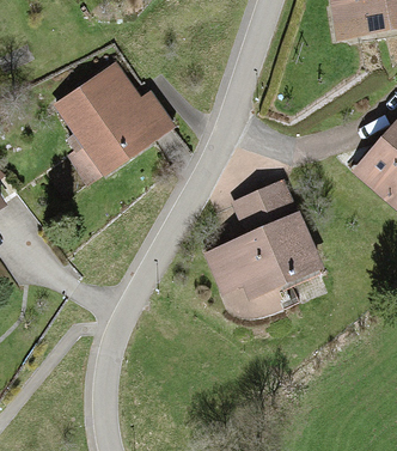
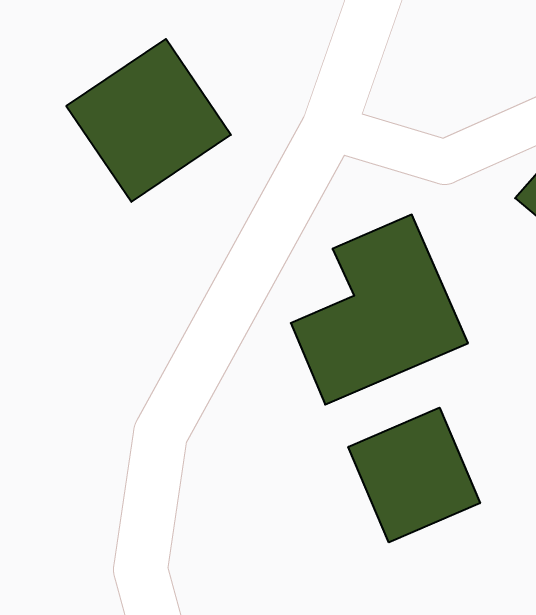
building: none -> [348,408,480,542]

